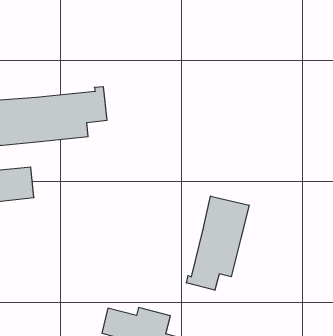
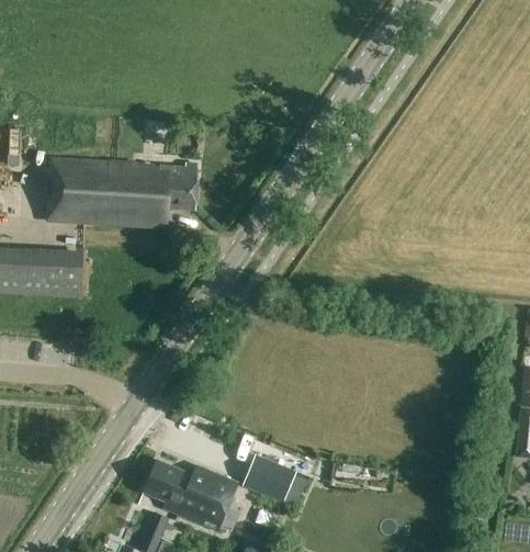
building: [186,196,249,290] -> none
building: none -> [241,452,295,500]

